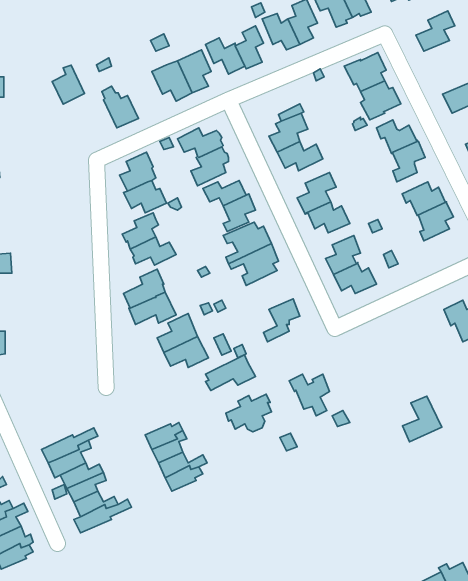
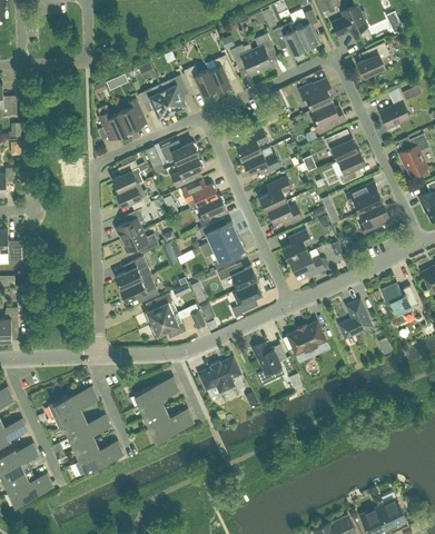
building: [52,65,85,104] -> [119,100,146,132]
building: none -> [217,265,258,289]
building: none -> [288,323,325,354]
building: [205,355,256,391] -> none
building: [403,396,442,442] -> [339,300,372,338]

